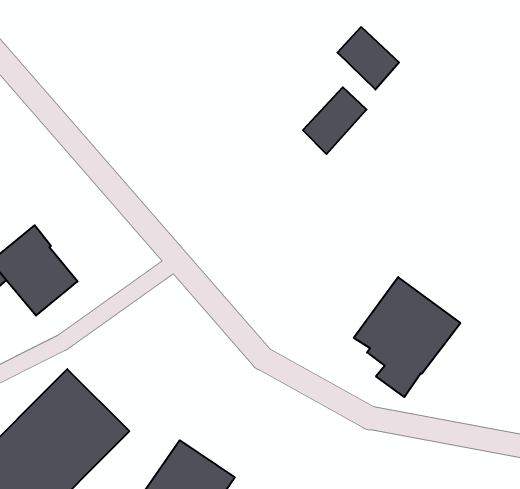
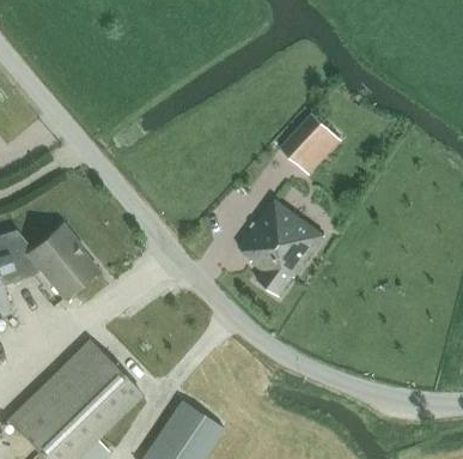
building: [337,27,399,90] -> none
building: [354,277,460,397] -> [238,200,324,297]

